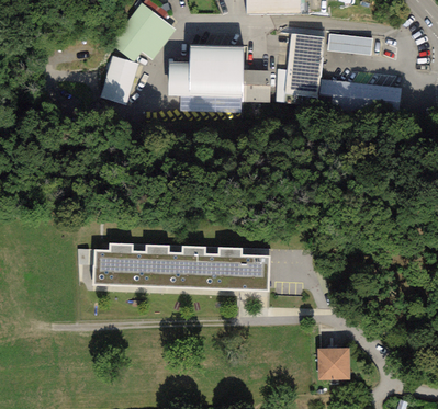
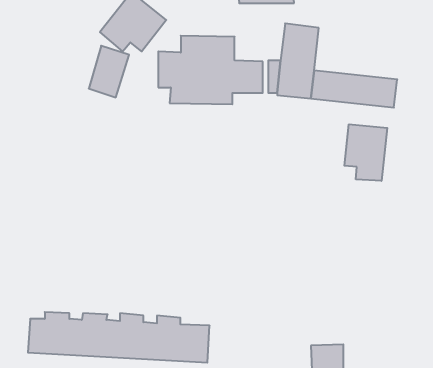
building: [327,33,372,55] -> none
building: none -> [344,124,387,181]
building: [92,242,270,292] -> [28,312,210,363]

